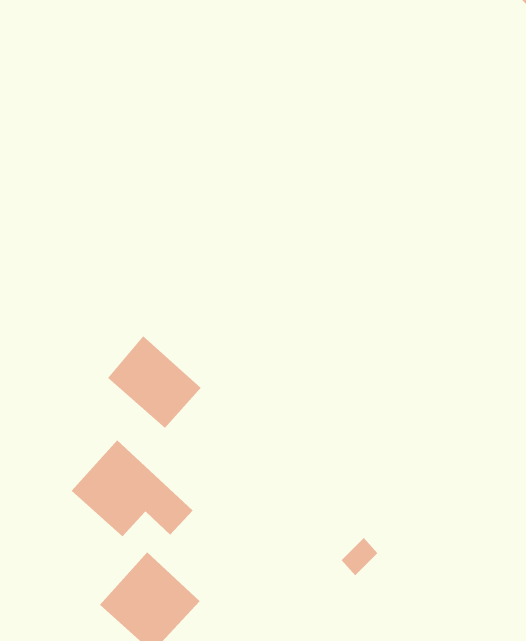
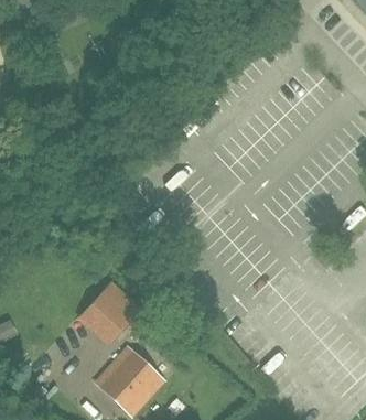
building: [107,336,201,429] -> none

